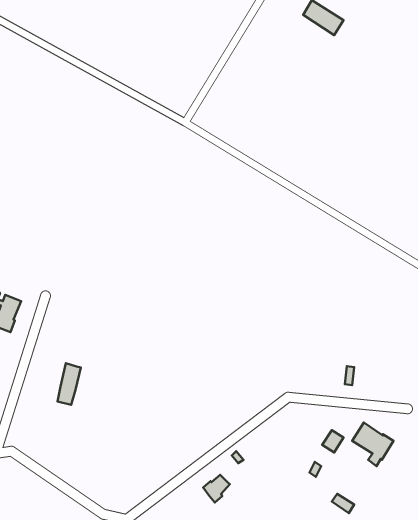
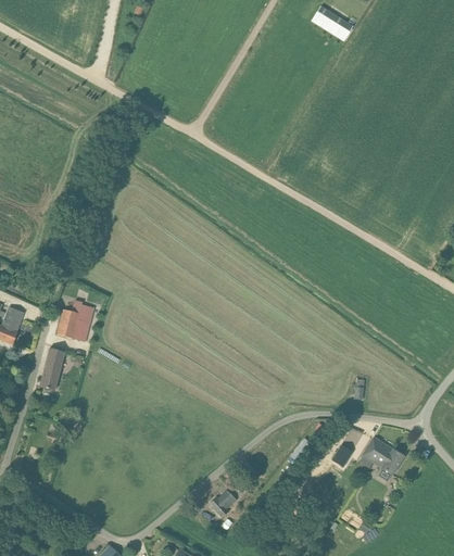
building: none -> [56,304,93,341]
building: [57,363,81,405] -> [40,348,64,390]

